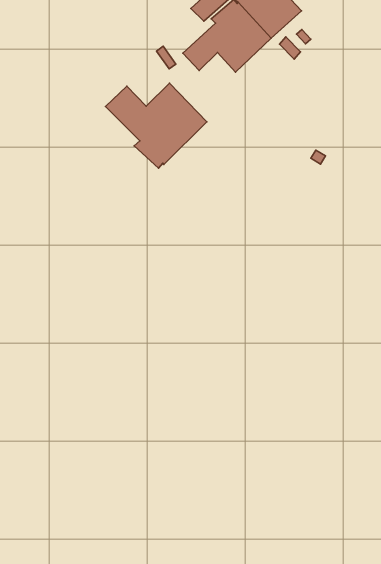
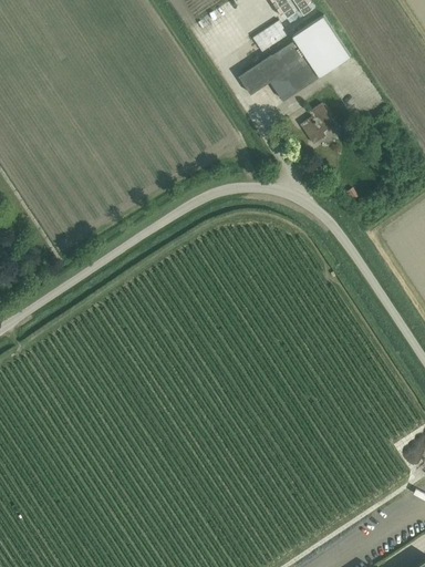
building: none -> [300,104,335,144]
building: [106,83,207,168] -> none

